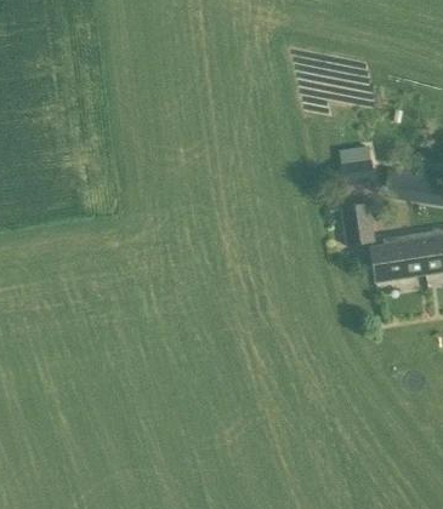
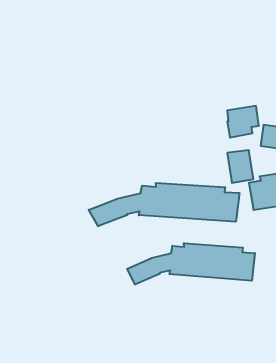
building: none -> [89,183,239,226]
building: none -> [127,243,255,285]

